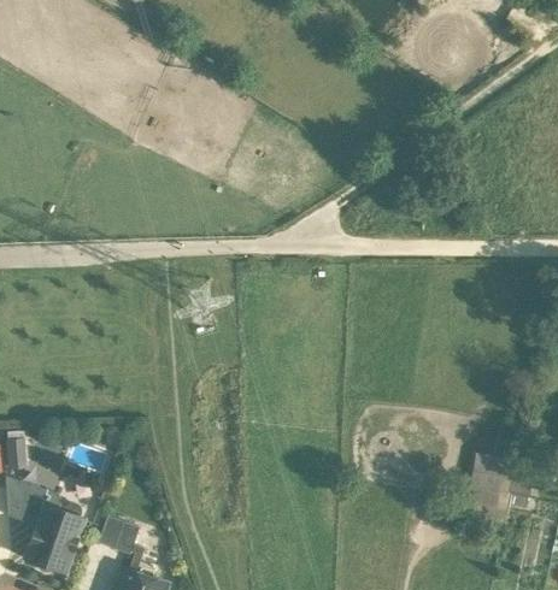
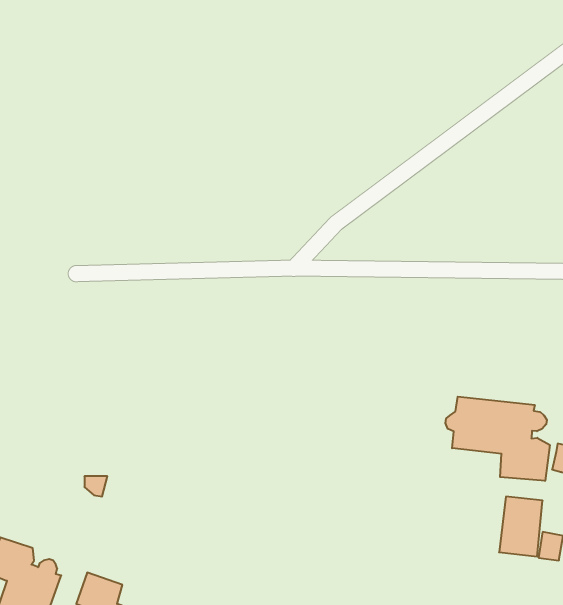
building: none -> [446,397,550,481]

